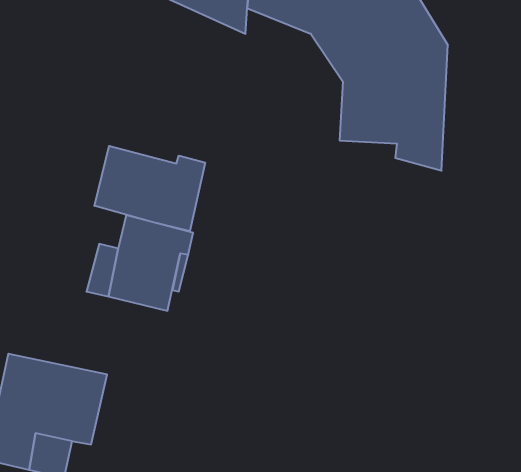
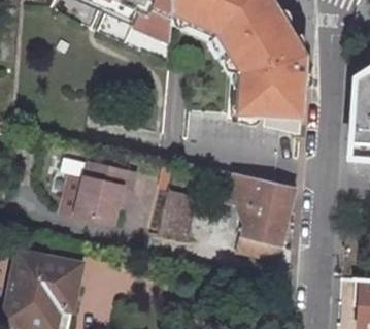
building: [94,146,205,231] -> none
building: none -> [229,173,295,258]
building: none -> [165,190,203,239]

